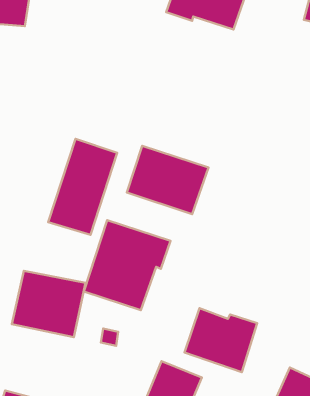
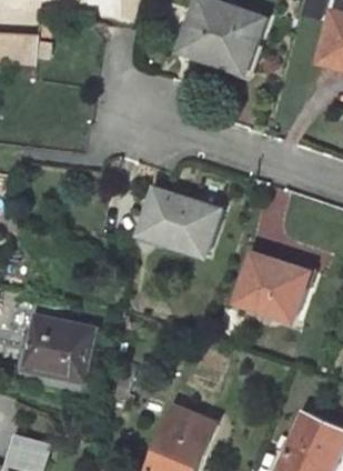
building: [48,139,117,235] -> none
building: [84,220,170,310] -> none
building: [184,308,257,372] -> [235,255,310,321]

